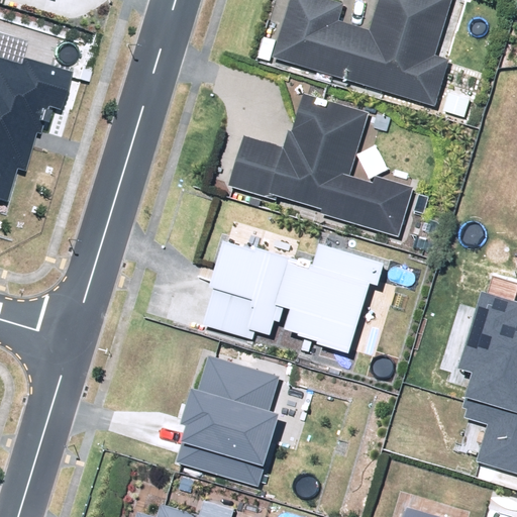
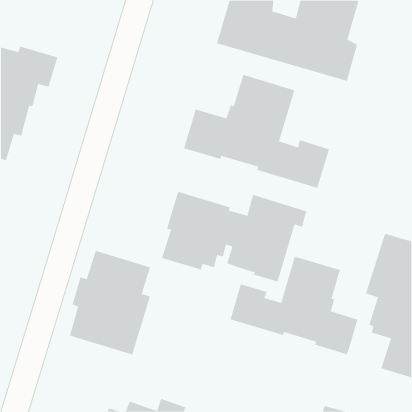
building: none -> [230,256,358,355]
building: [177,355,279,487] -> [69,250,151,355]

